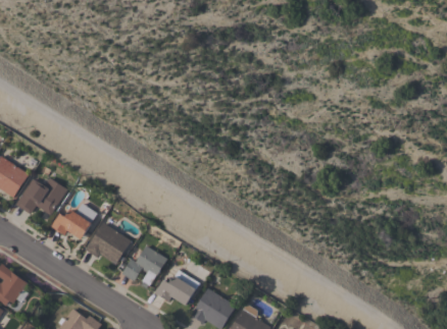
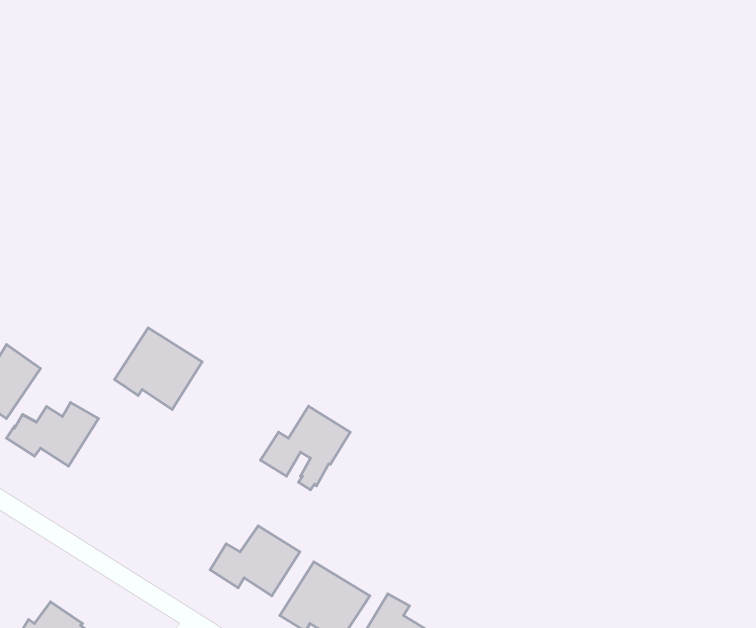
building: [86,223,131,265] -> [114,328,202,409]
building: [121,245,167,288] -> [261,406,350,490]

